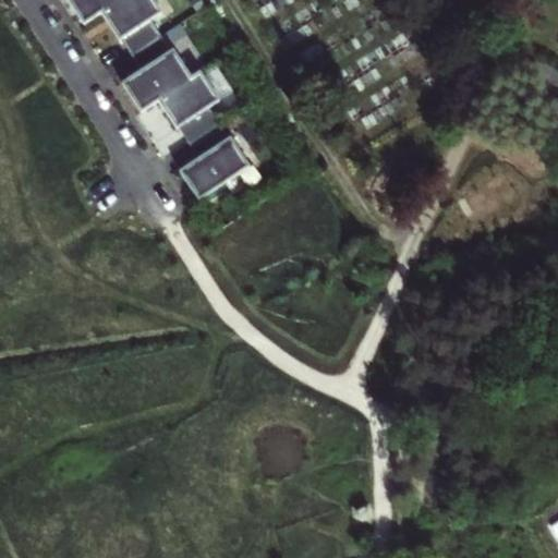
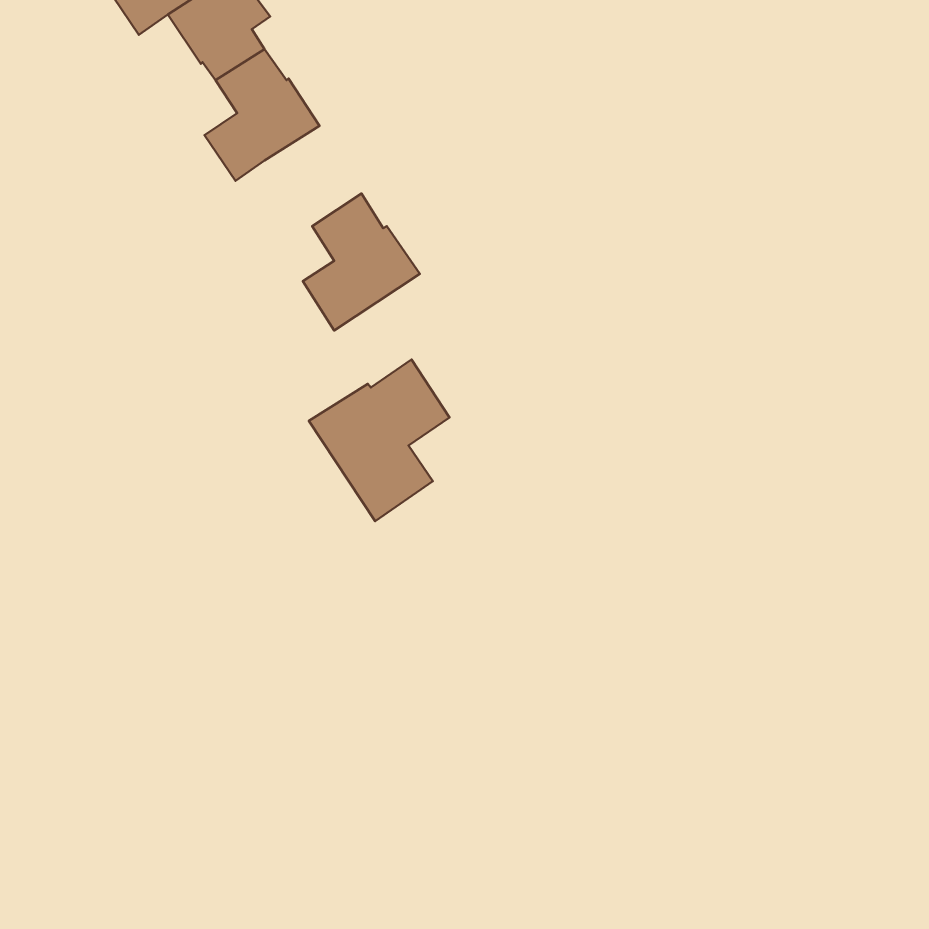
building: [158,69,219,135] -> none
building: none -> [309,359,449,521]

